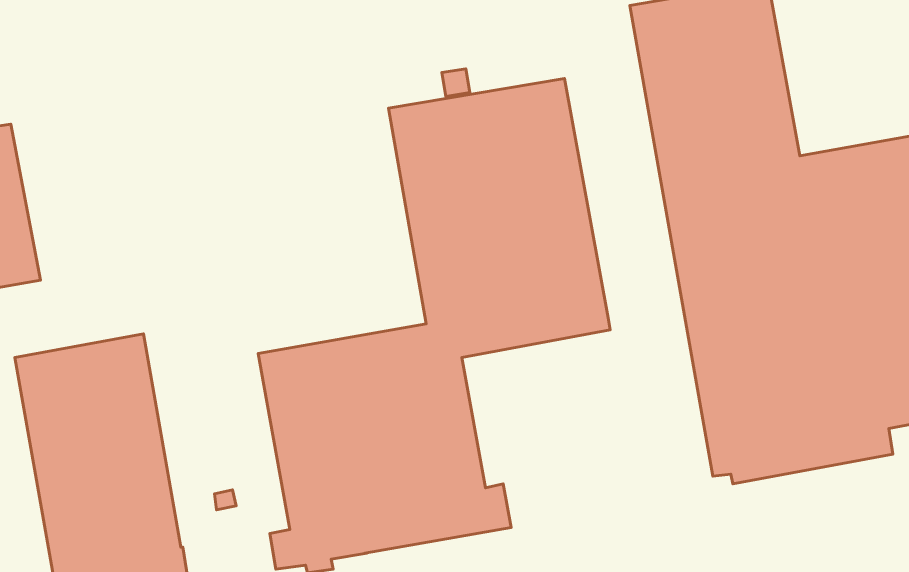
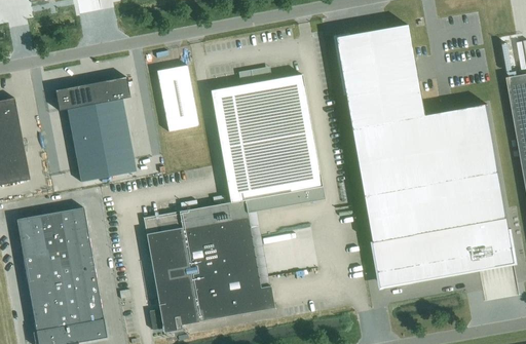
building: none -> [157,66,198,131]
building: none -> [55,77,136,182]

